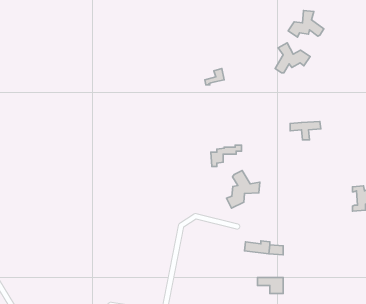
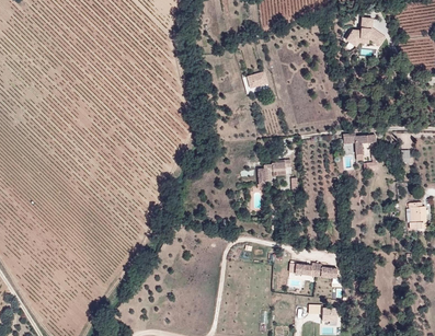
building: [275,43,310,73] -> none
building: [227,171,260,208] -> none

